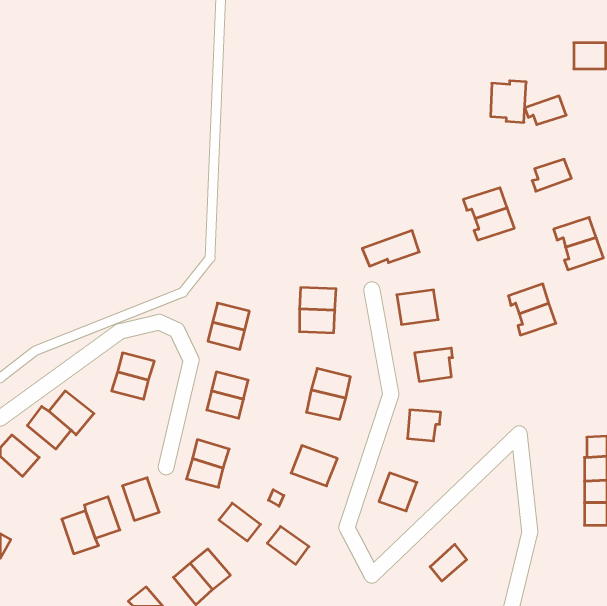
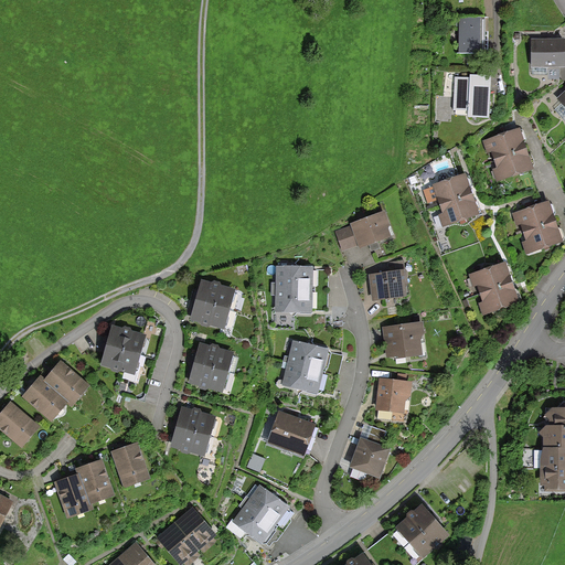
building: none -> [461,17,482,51]
building: [525,96,566,125] -> [486,130,524,157]
building: [219,503,261,541] -> [236,504,275,540]
building: none -> [411,520,446,553]

